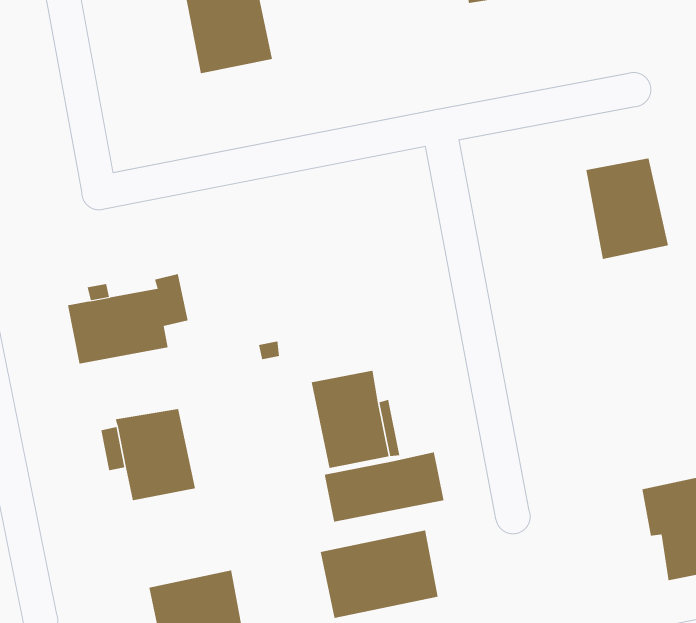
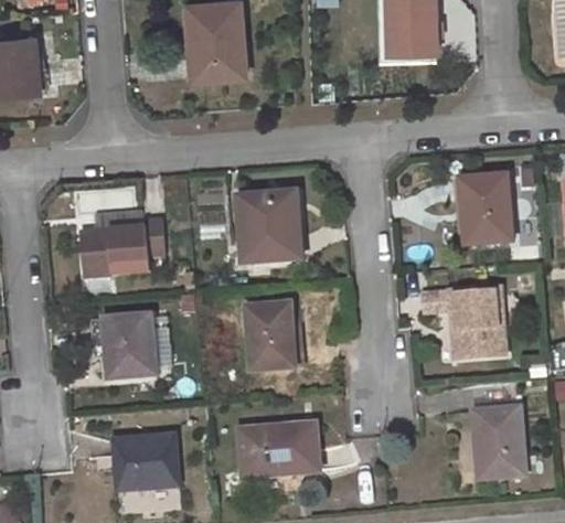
building: none -> [237,192,299,263]
building: none -> [422,287,505,359]
building: [324,451,444,523] -> none

